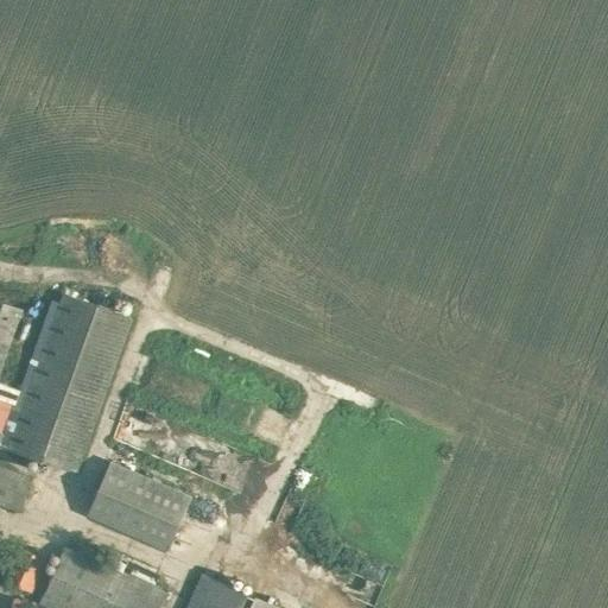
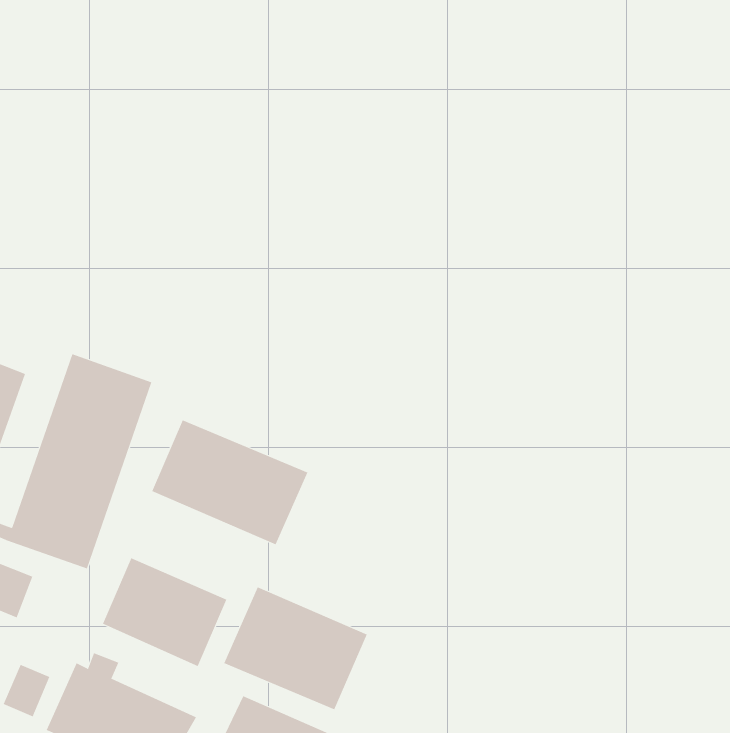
building: none -> [151,419,308,545]
building: none -> [224,587,367,710]

